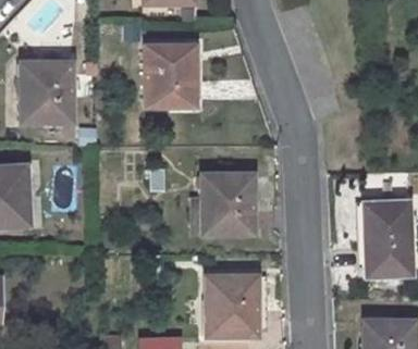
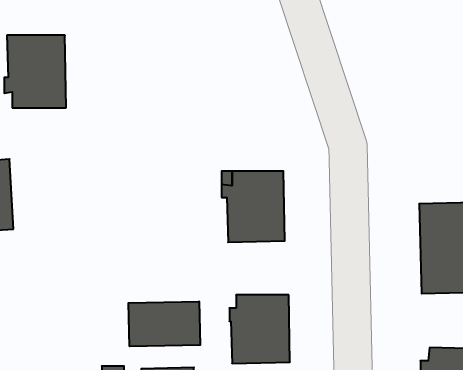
building: [146,45,195,104] -> none
building: none -> [128,301,200,346]

